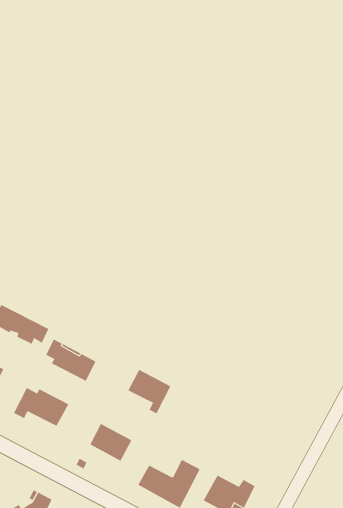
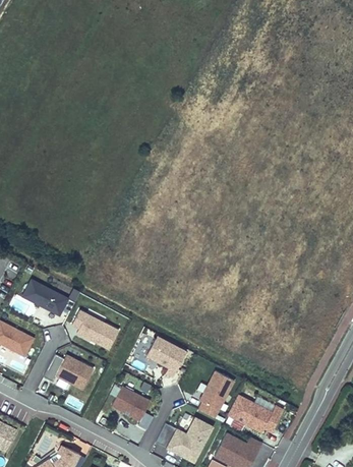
building: none -> [199,371,234,418]
building: none -> [228,395,284,433]

